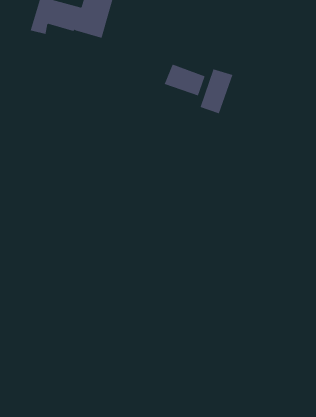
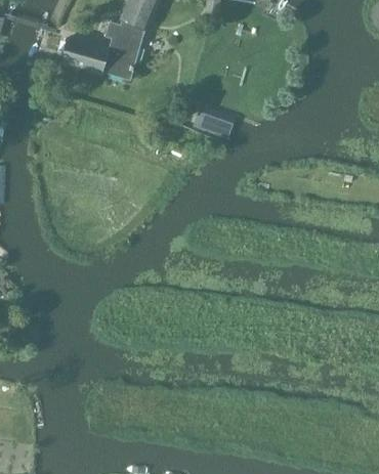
building: [200,69,233,114] -> none

